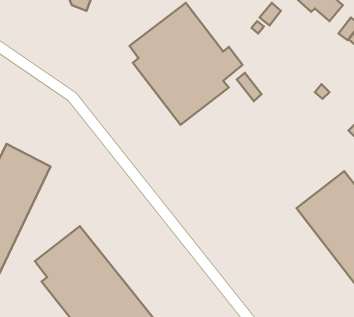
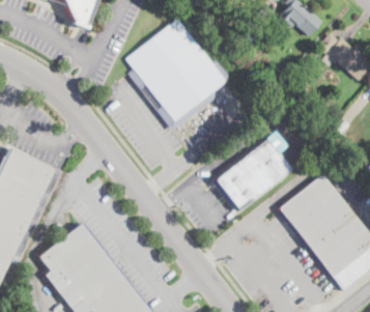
building: none -> [215,133,296,210]

